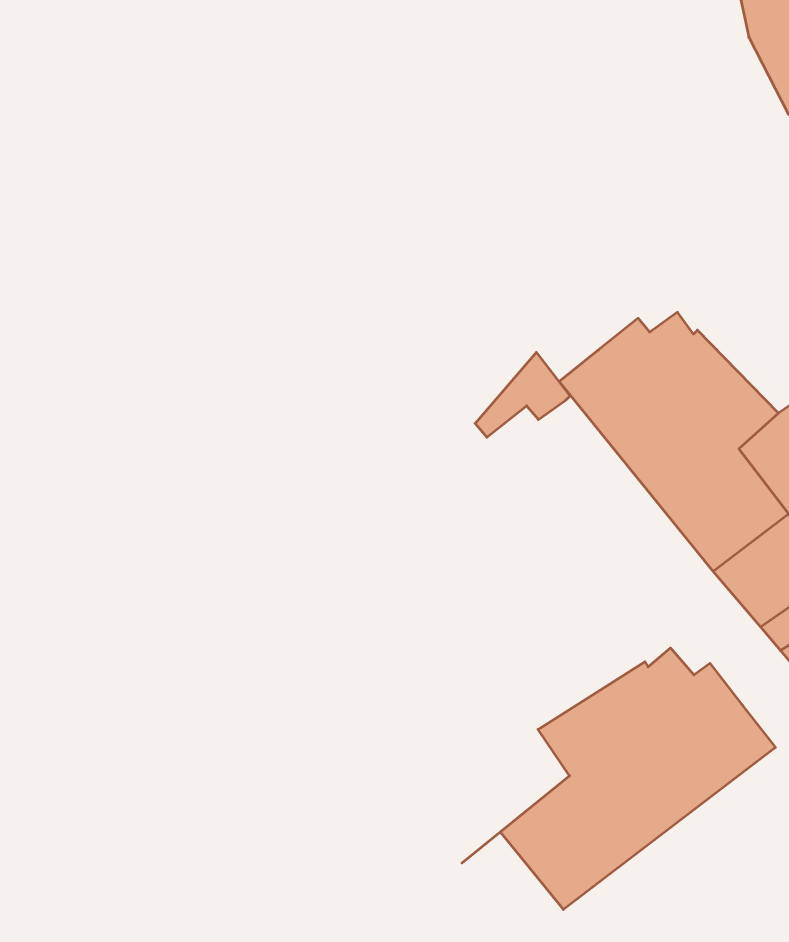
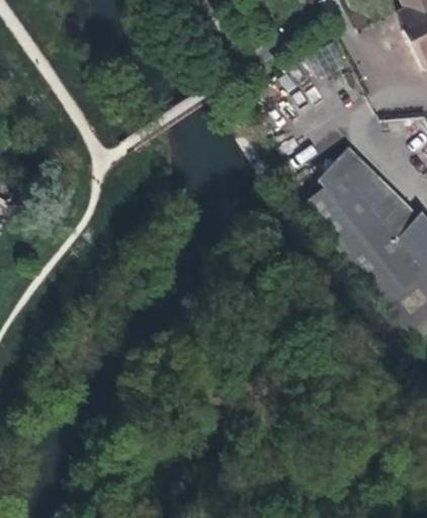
building: [475,352,570,437] -> [321,142,369,185]
building: [462,648,775,910] -> none

